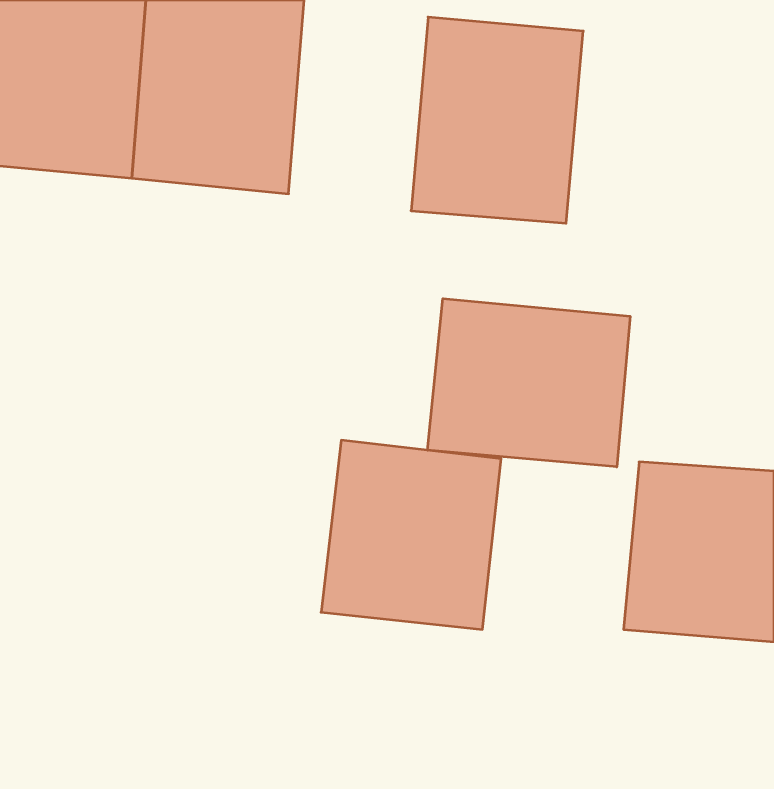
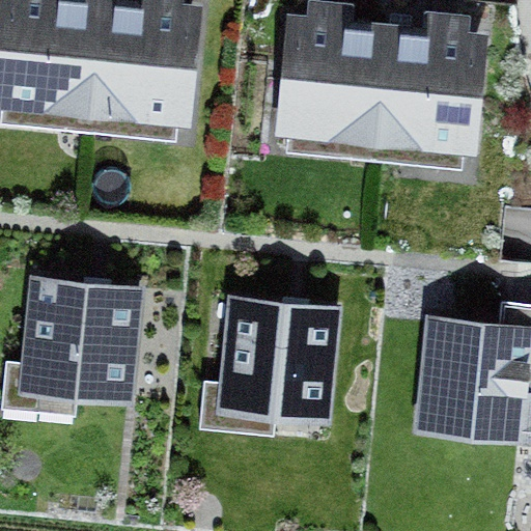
building: none -> [379,23,493,161]
building: [428,299,630,467] -> none
building: none -> [16,272,145,398]

